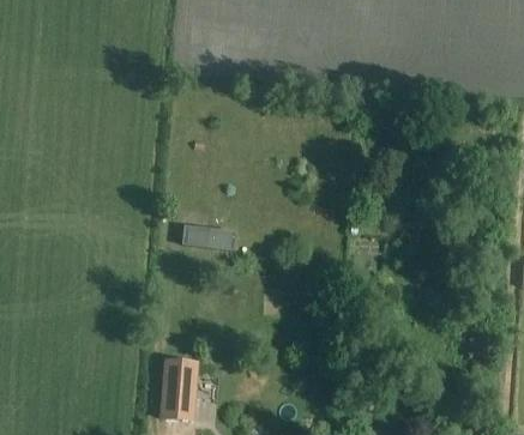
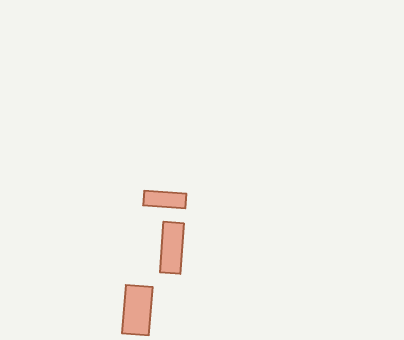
building: none -> [160,222,184,274]

